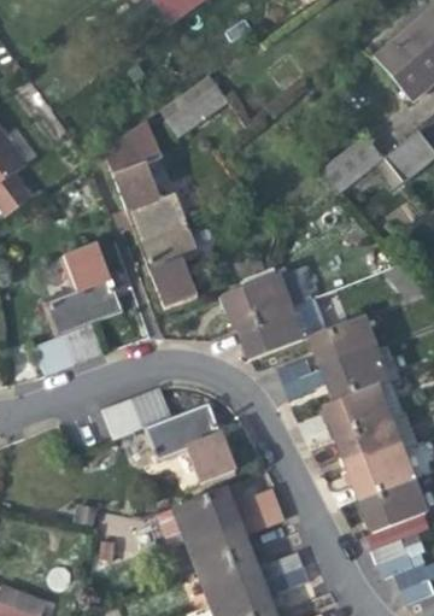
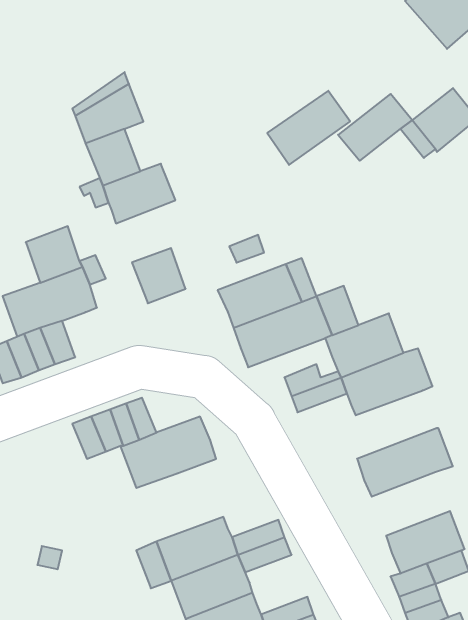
building: [158,74,227,135] -> [267,91,350,165]
building: [139,223,201,275] -> none
building: [327,381,405,438] -> none
building: [189,438,235,482] -> none
building: [351,448,416,501] -> none

